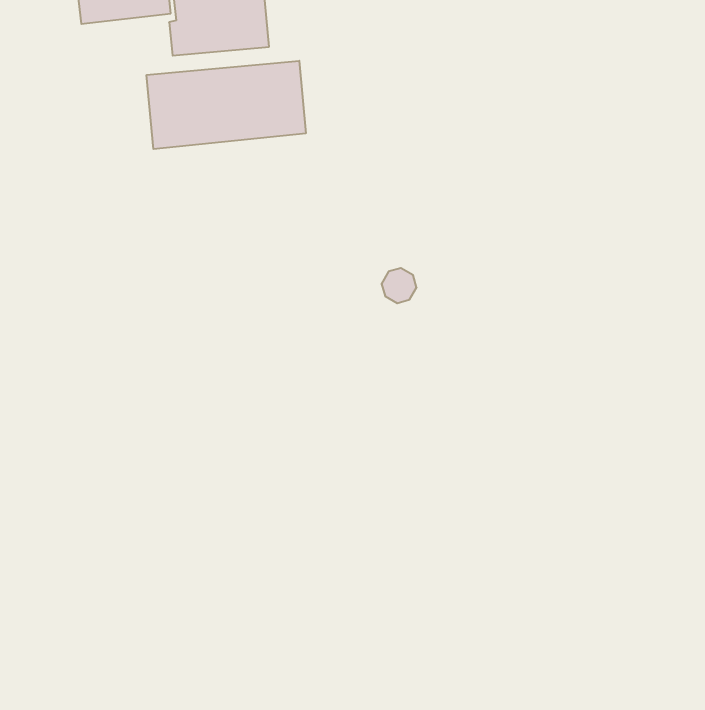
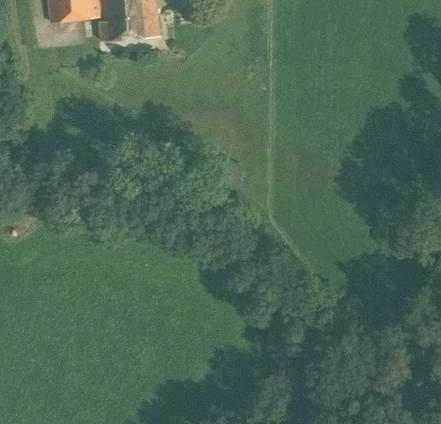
building: [147,61,306,149] -> none

